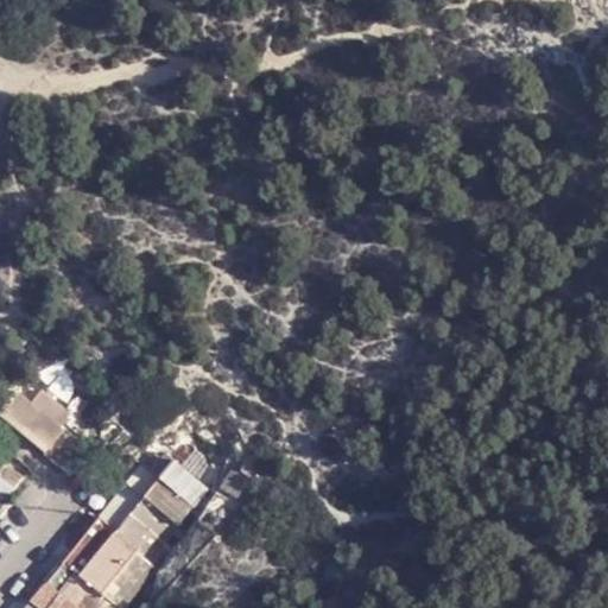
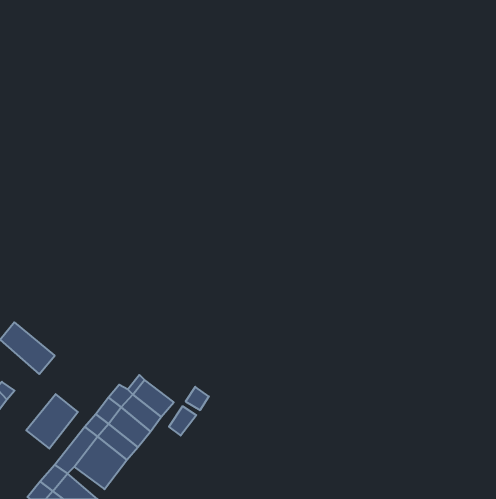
building: none -> [26,394,78,449]

